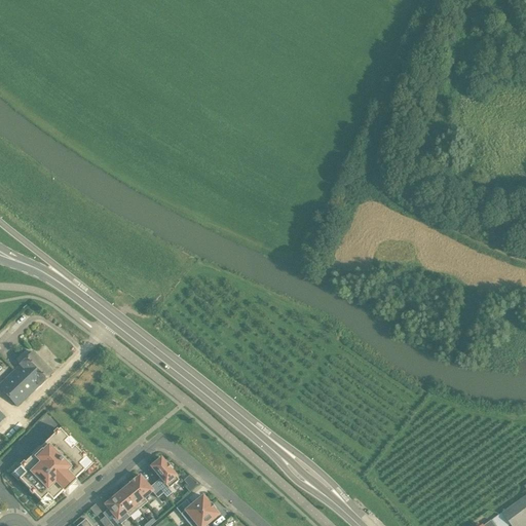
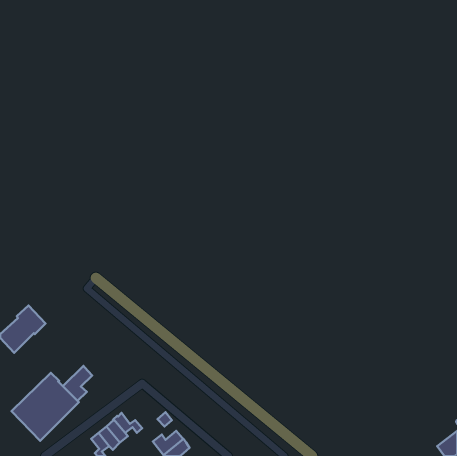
building: none -> [63,366,92,401]
building: [150,456,179,495] -> none

